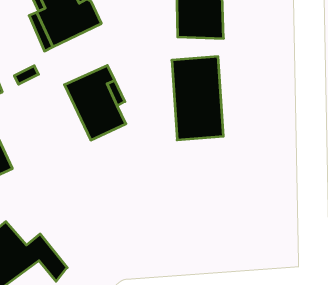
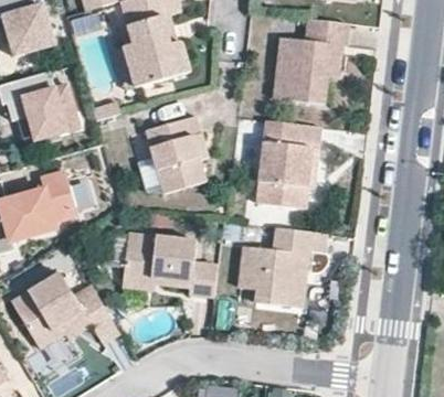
building: none -> [236,234,325,305]
building: none -> [121,230,216,297]

